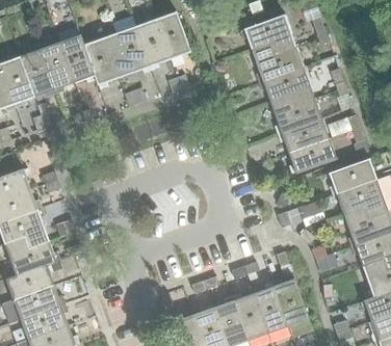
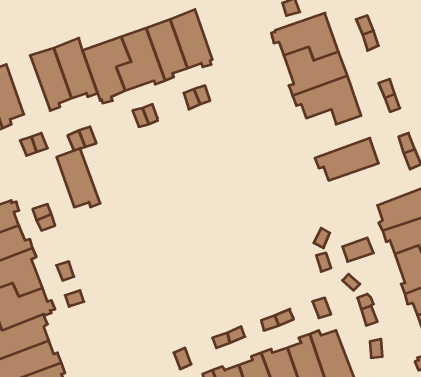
building: [19,48,55,97] -> [57,148,100,207]
building: [268,92,321,133] -> none
building: [287,137,336,174] -> none

